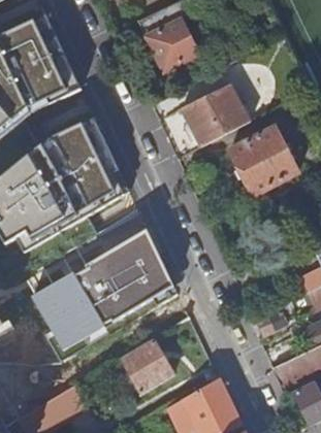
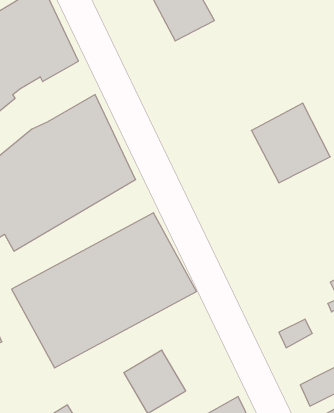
building: [179,82,248,145] -> none

